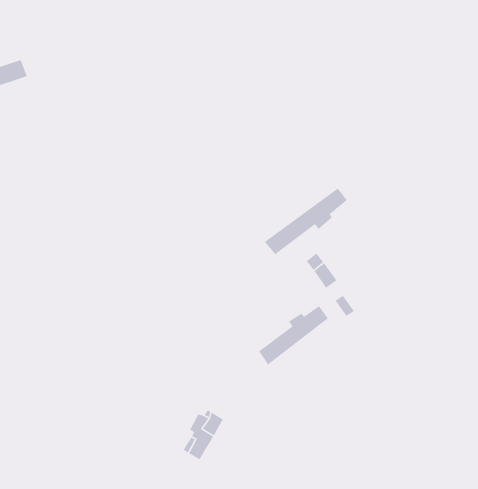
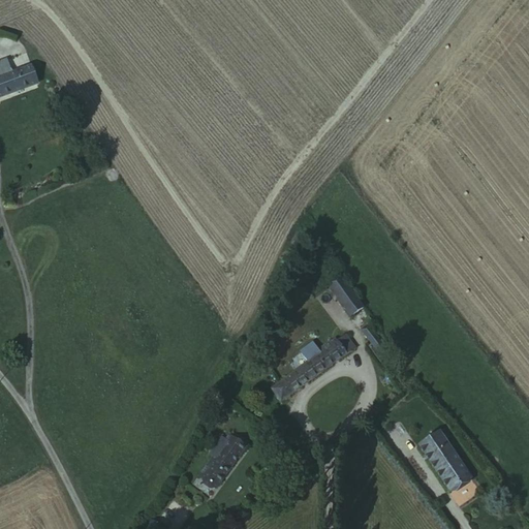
building: [264,187,348,255] -> none
building: none -> [414,428,469,491]

